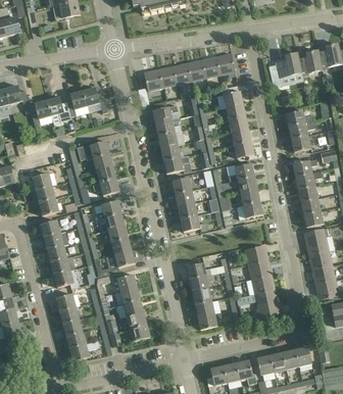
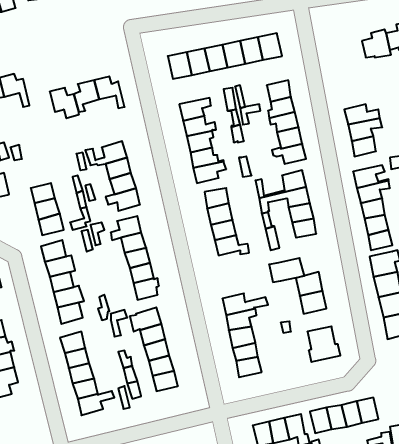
building: [275,53,301,76] -> none
building: [31,100,53,127] -> none
building: [245,275,274,294] -> [269,258,305,282]

